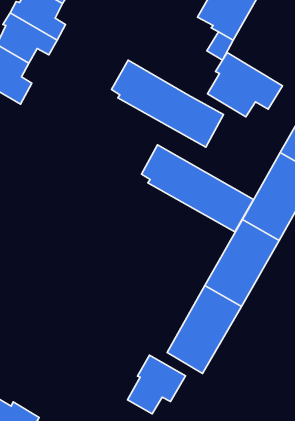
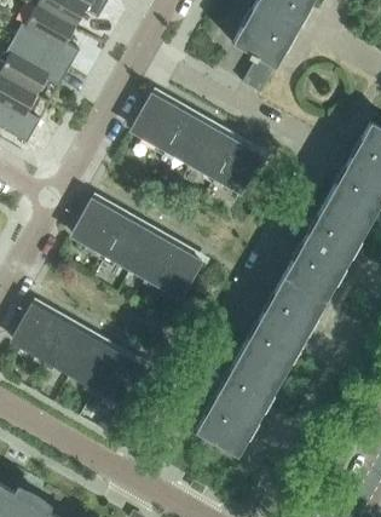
building: [208,53,283,117] -> none
building: [142,145,254,232] -> [73,197,202,298]
building: none -> [12,303,143,403]
building: [127,355,186,414] -> none

